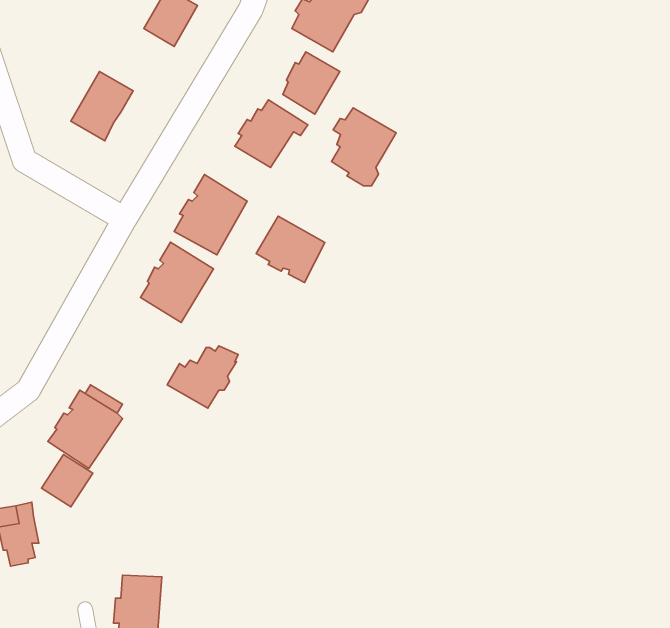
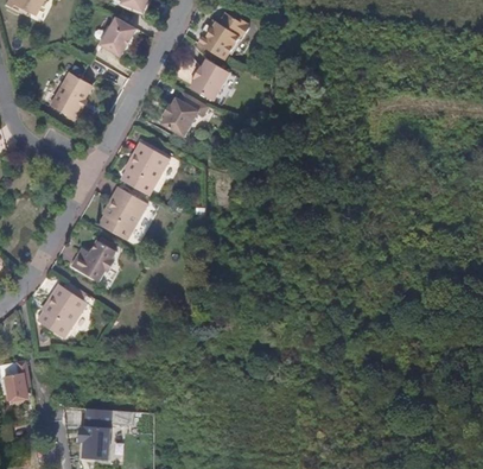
building: [331,108,396,186] -> none
building: [256,216,325,283] -> none
building: [167,346,238,408] -> [70,240,117,281]
building: [41,455,93,507] -> none

